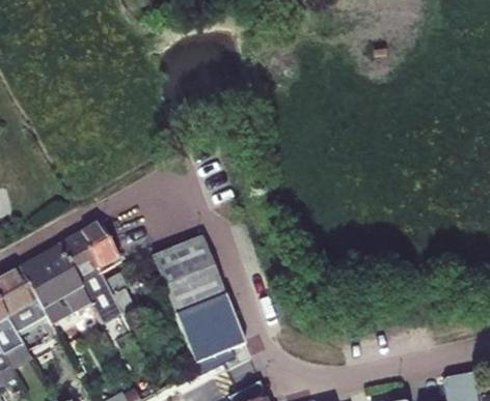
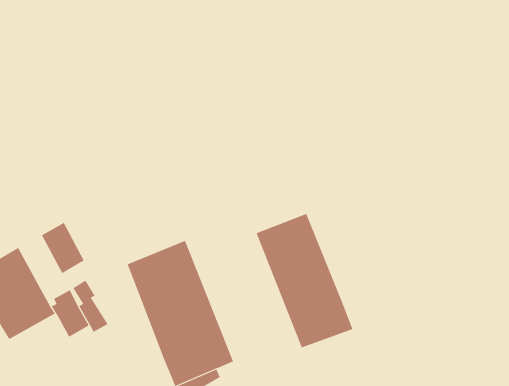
building: none -> [256,213,353,348]
building: [60,232,98,277] -> none

